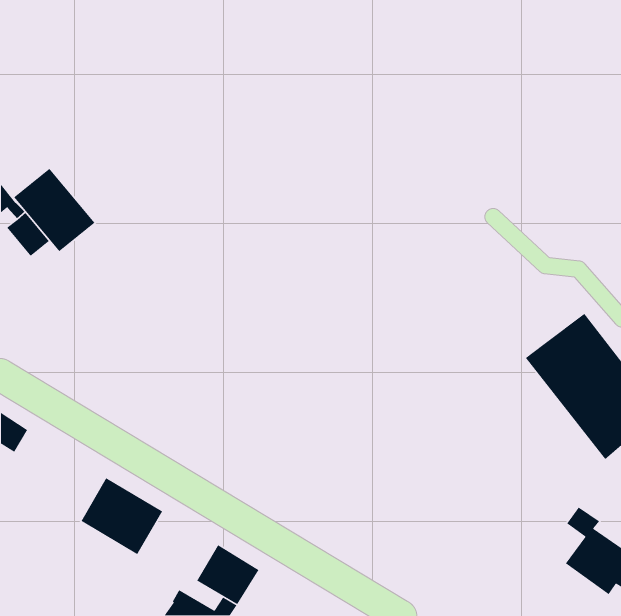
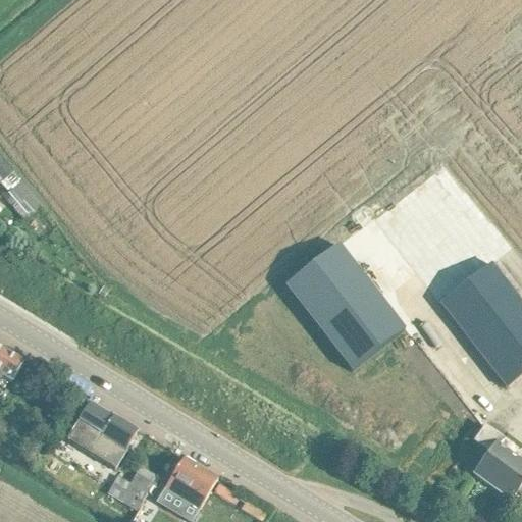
building: [13,168,95,252] -> none
building: none -> [286,243,405,369]
building: none -> [107,464,156,508]

